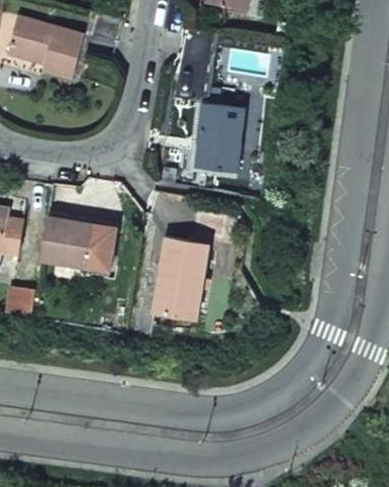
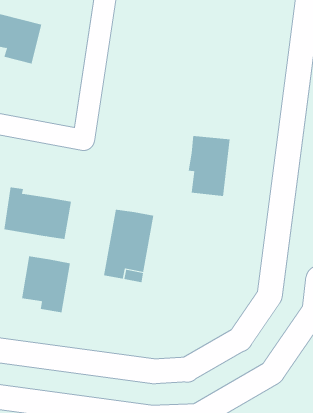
building: [197,105,244,172] -> [188,136,230,197]
building: none -> [21,255,70,313]

